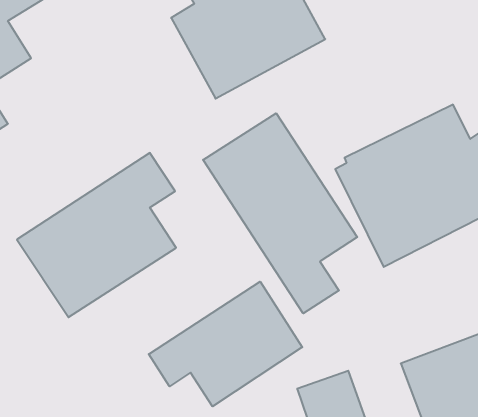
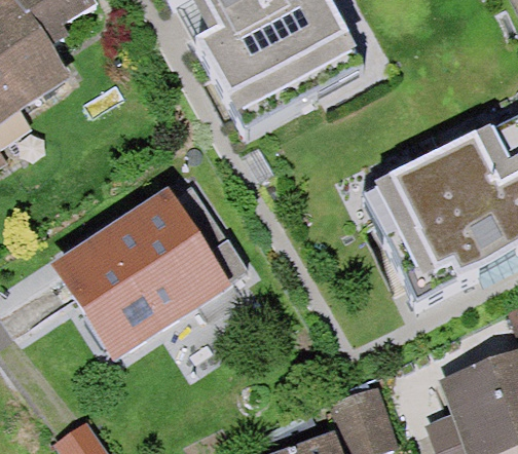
building: [203,113,357,313] -> none
building: [149,282,302,406] -> none

